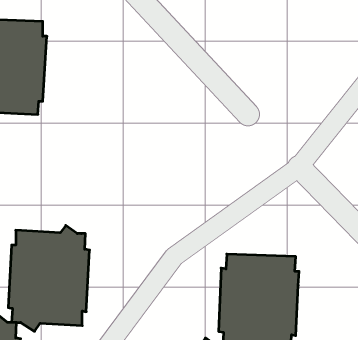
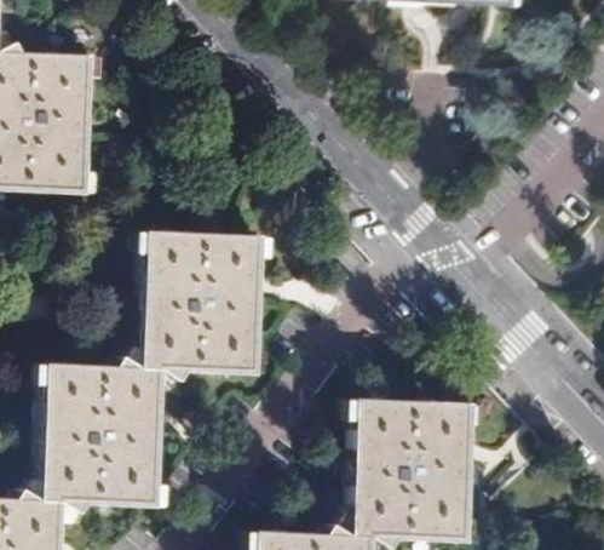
building: none -> [139,233,257,380]

